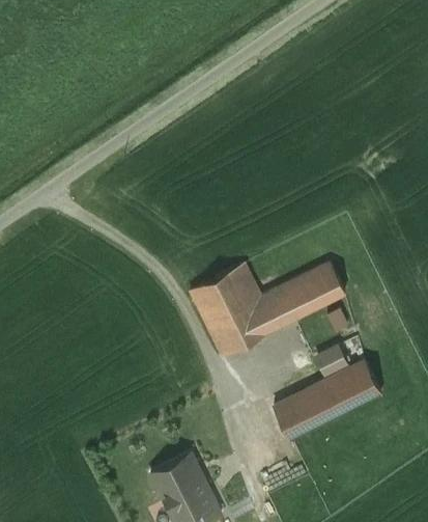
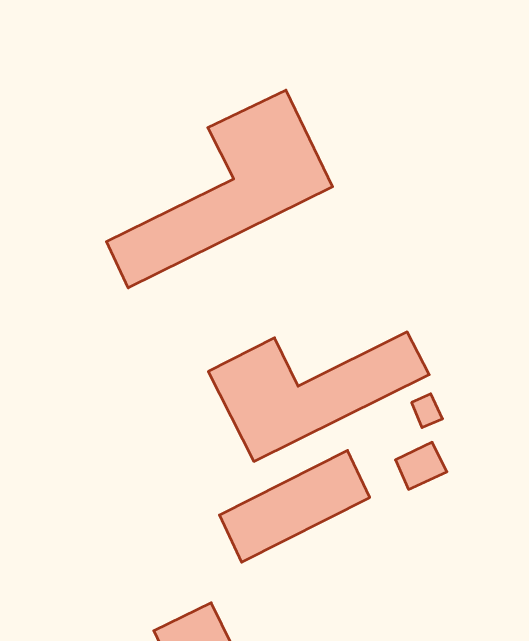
building: none -> [106,90,333,288]
building: [274,359,379,438] -> [219,450,370,562]

